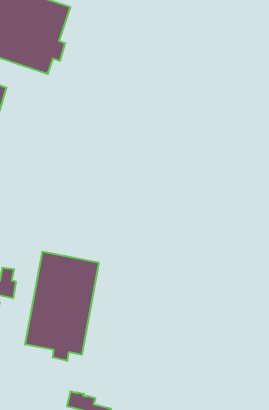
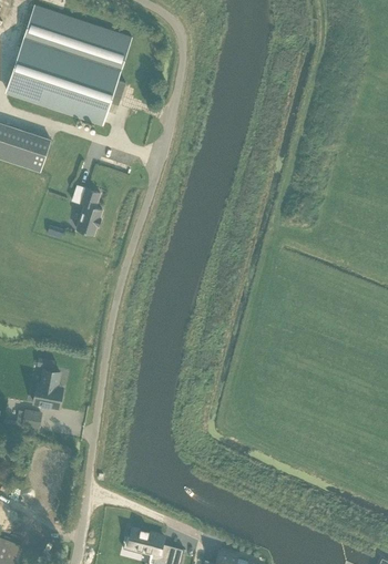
building: none -> [71,186,101,236]
building: [25,252,99,361] -> none

